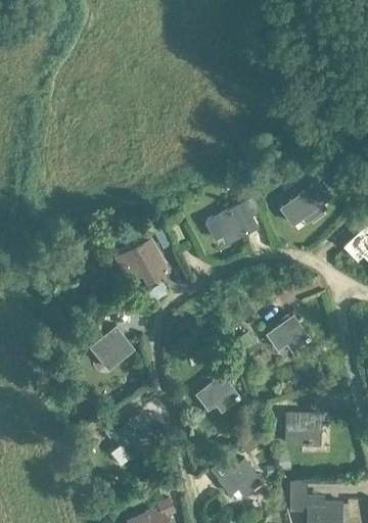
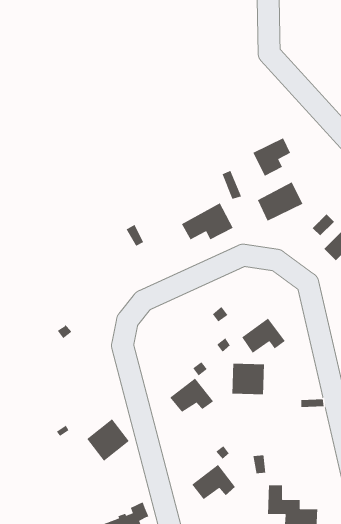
building: none -> [252,137,291,177]
building: [114,246,168,286] -> none
building: [90,327,133,362] -> none
building: [287,415,320,446] -> [232,363,265,395]

